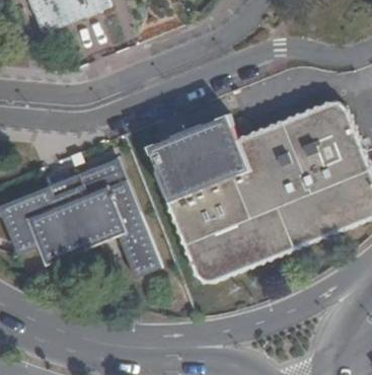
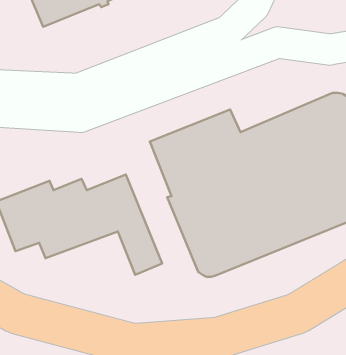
building: [50,159,125,195] -> none

